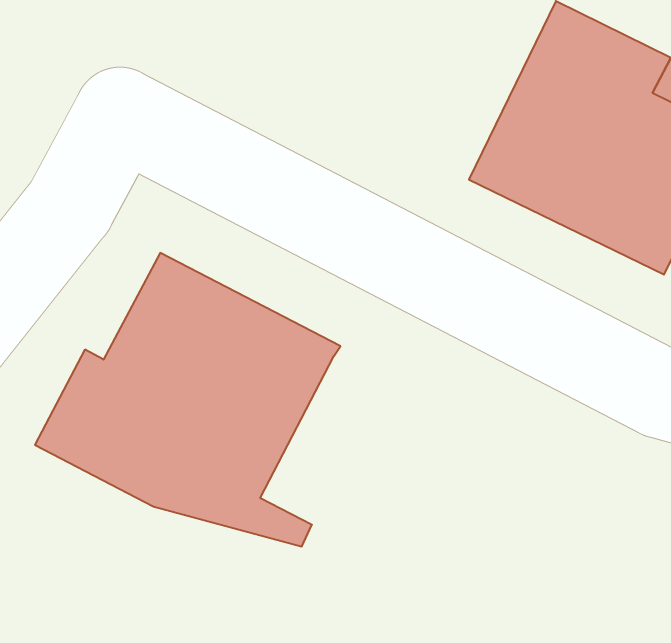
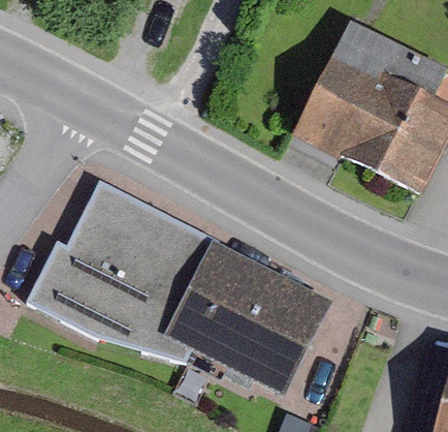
building: none -> [167,244,329,392]

